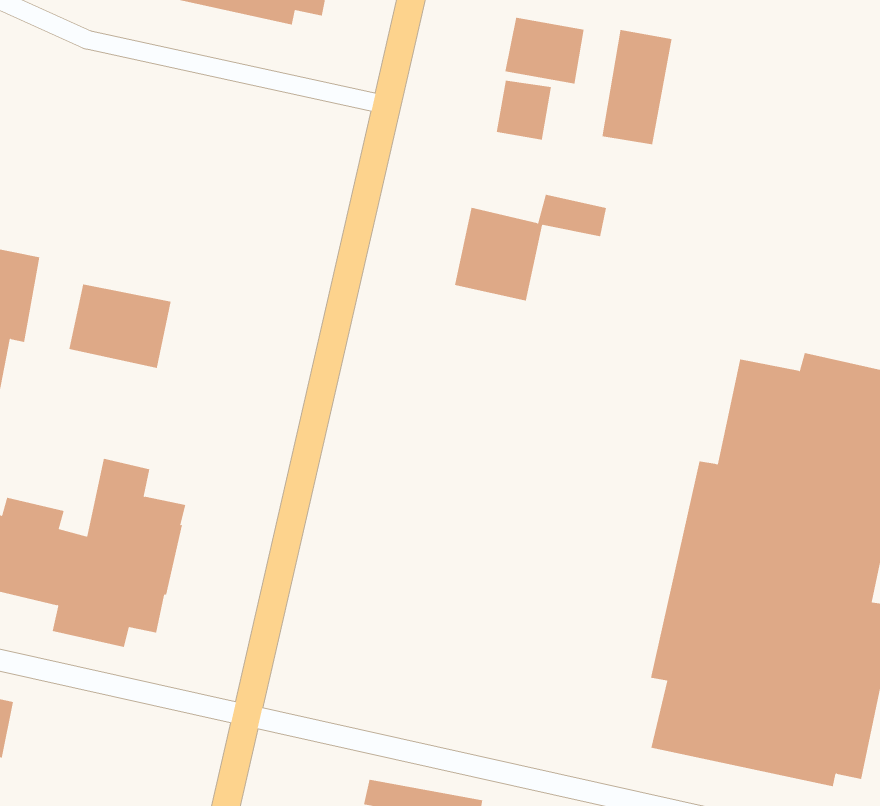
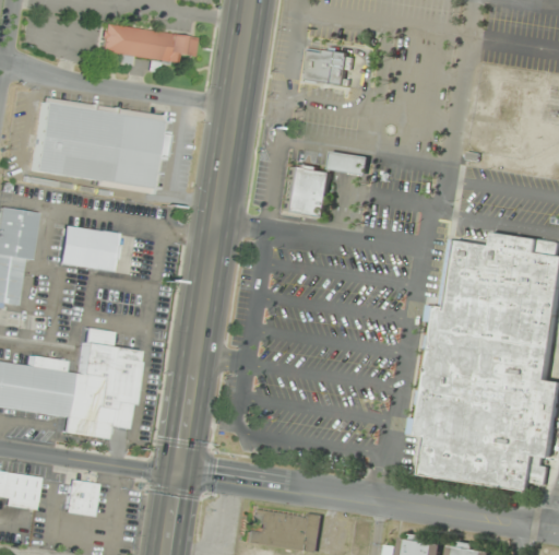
building: [602,29,672,145] -> none
building: none -> [33,98,164,189]
building: [496,80,551,140] -> none
building: none -> [66,480,96,516]

